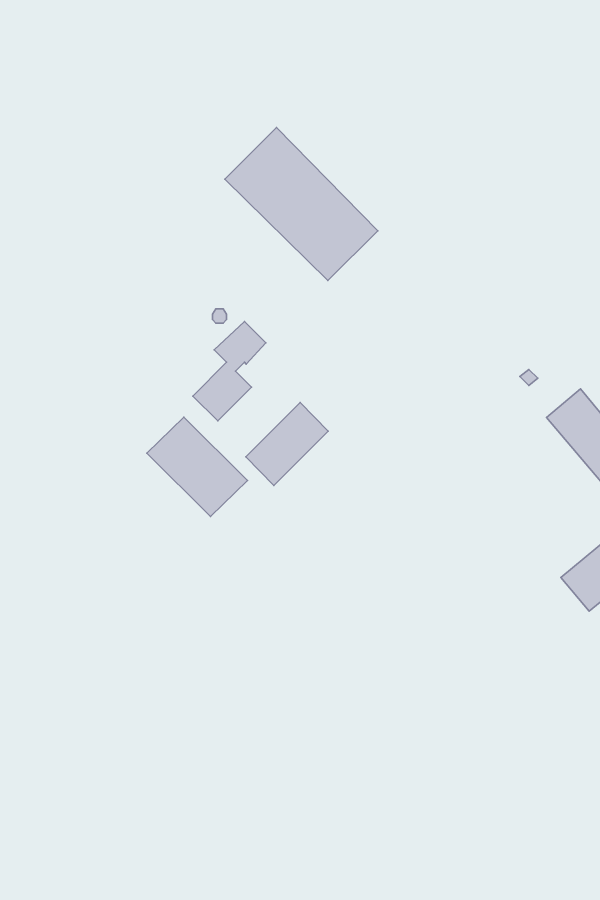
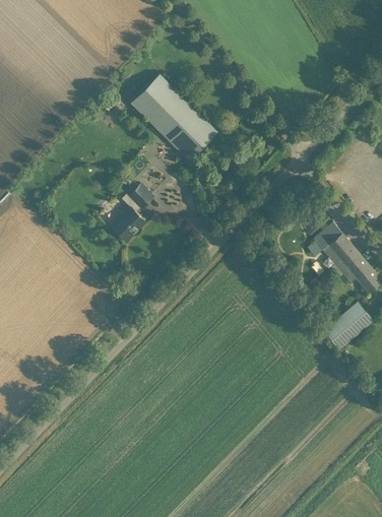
building: [246,402,328,486] -> none
building: [147,417,247,517] -> none

